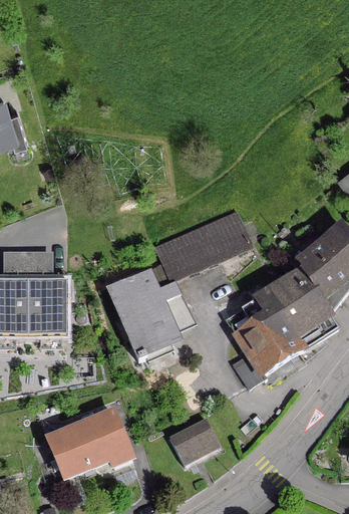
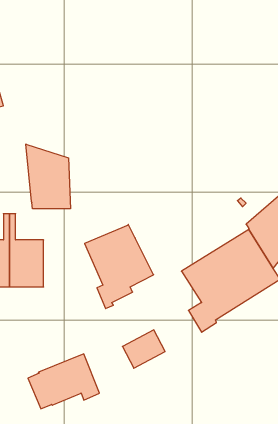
building: none -> [26,144,70,209]
building: [154,211,251,279] -> none
building: [168,418,218,462] -> [122,330,165,368]

